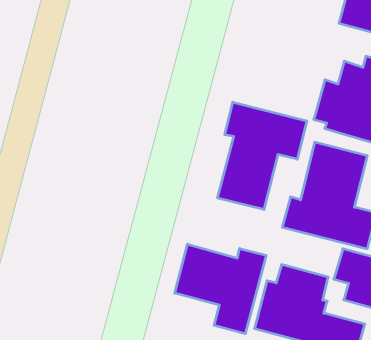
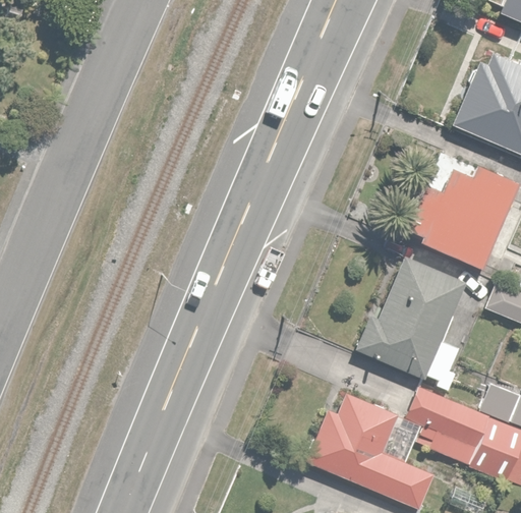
building: [218,102,307,210] -> none
building: [175,244,266,334] -> none

